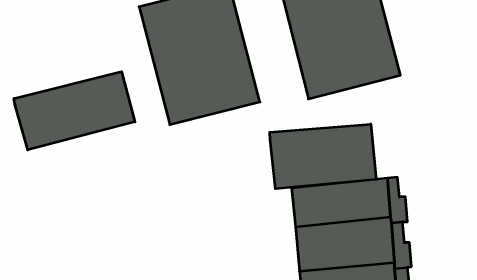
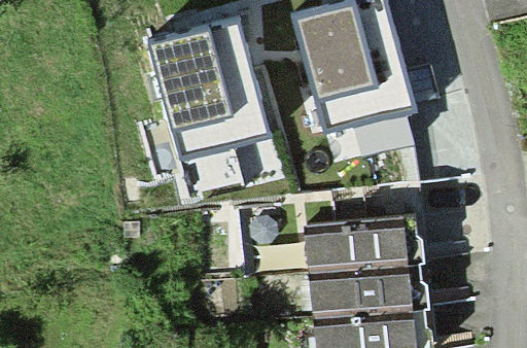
building: [14,72,135,150] -> none
building: [270,124,376,189] -> none

